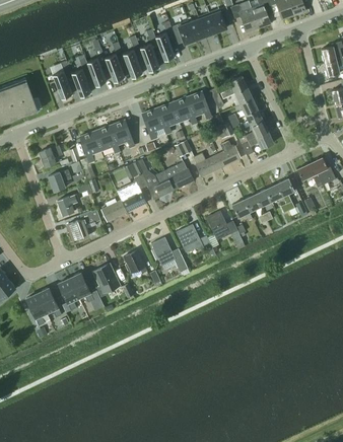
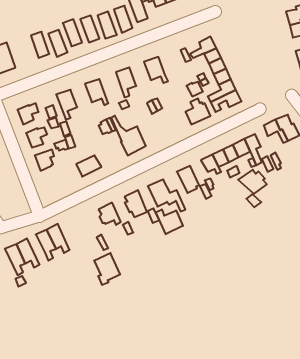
building: [187,90,211,119] -> none
building: [156,101,179,134] -> none
building: [94,125,120,152] -> none
building: [193,152,221,176] -> none
building: [164,160,194,190] -> none
building: [120,180,147,212] -> none
building: [66,209,100,239] -> none
building: none -> [238,170,267,207]
building: none -> [156,209,183,234]
building: [92,263,120,296] -> [94,253,120,285]

